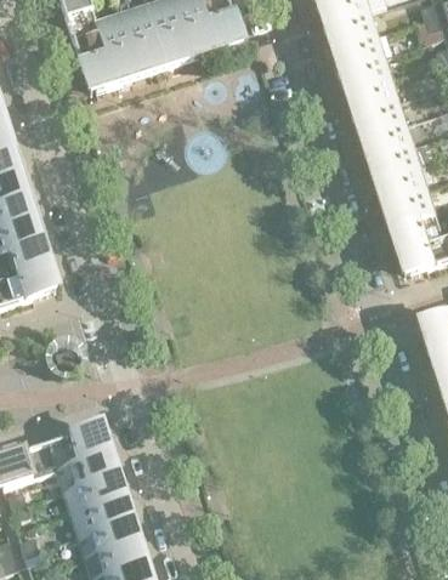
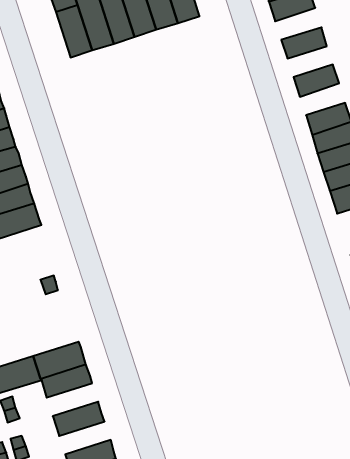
building: [330,30,385,68] -> none
building: [345,75,398,112] -> none
building: [359,119,413,157] -> none
building: [62,471,123,510] -> none
building: [76,516,137,555] -> none

